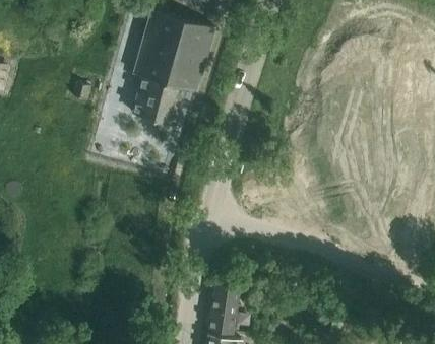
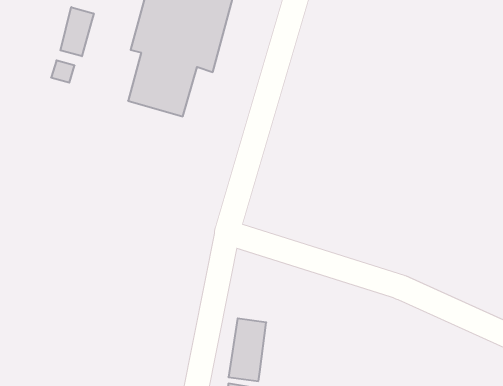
building: none -> [60,7,94,56]

